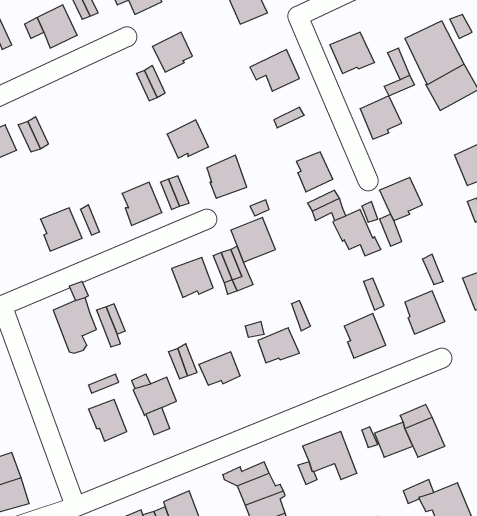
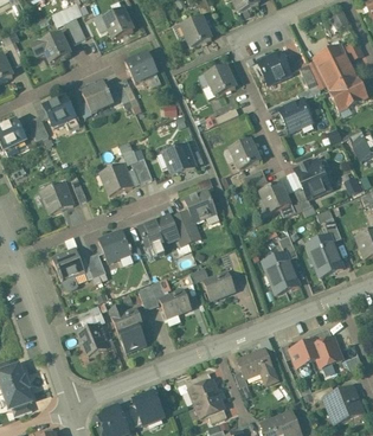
building: none -> [44,97,79,132]
building: [167,120,209,158] -> [83,83,114,111]
building: none -> [98,231,130,263]

